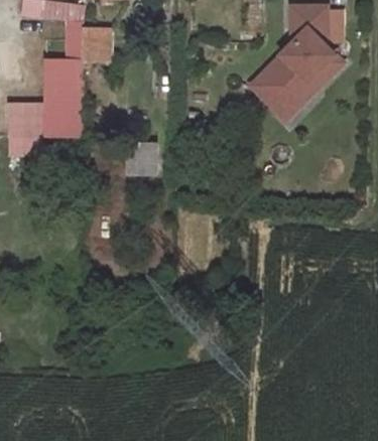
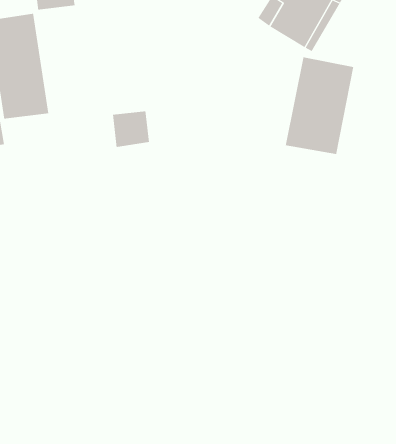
building: none -> [285,57,354,155]

